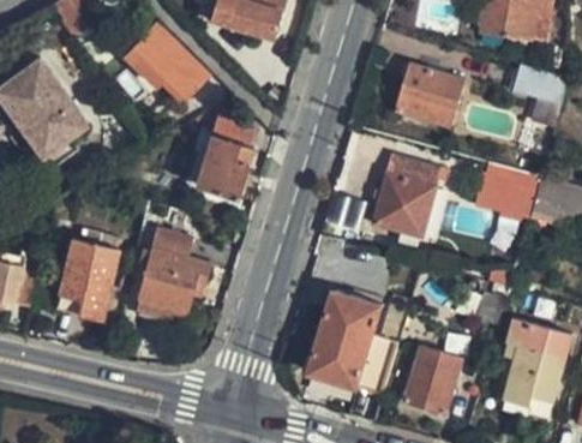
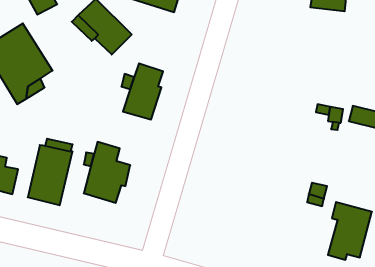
building: [509,64,565,103] -> none
building: [396,66,464,131] -> none
building: [372,157,439,240] -> none
building: [308,292,391,396] -> none
building: [398,346,458,415] -> none

